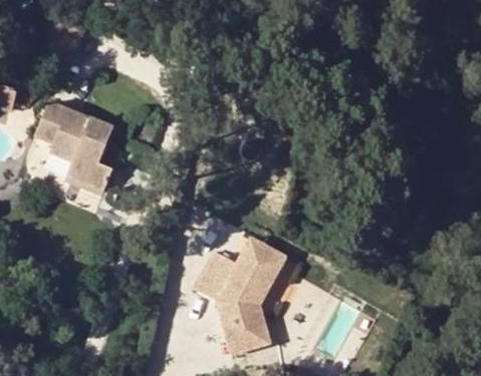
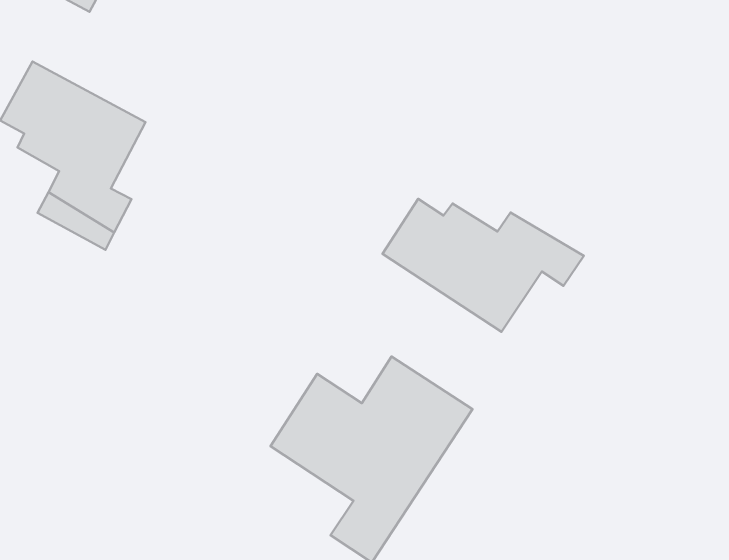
building: none -> [383,199,584,332]

